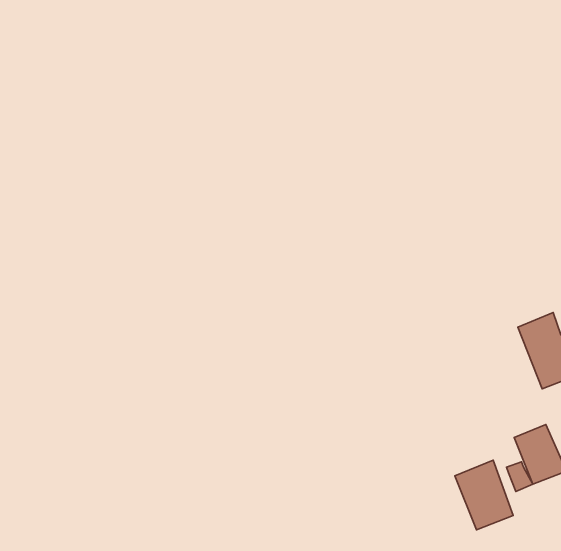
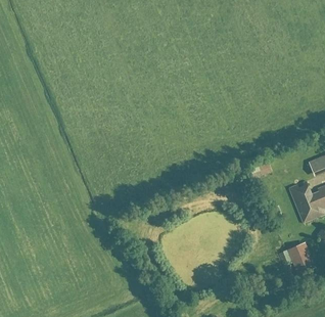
building: [455,460,513,530] -> none

